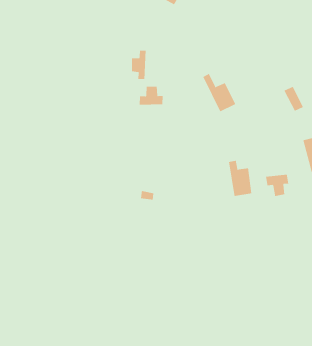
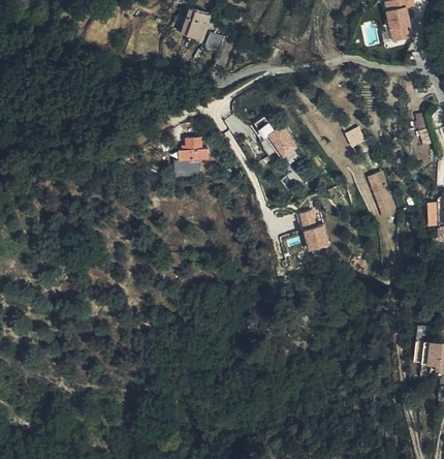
building: [131,50,146,80] -> none
building: [266,174,289,197] -> none

